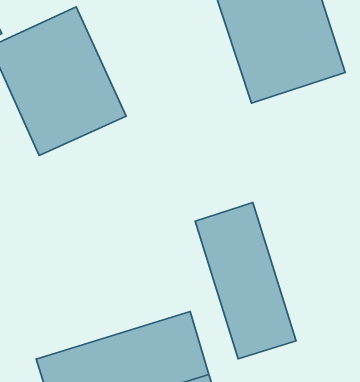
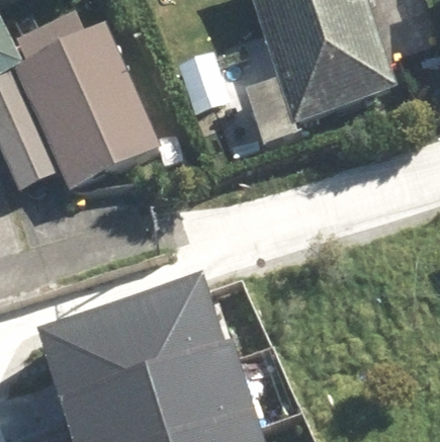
building: [195,202,296,359] -> none
building: none -> [41,288,230,408]

